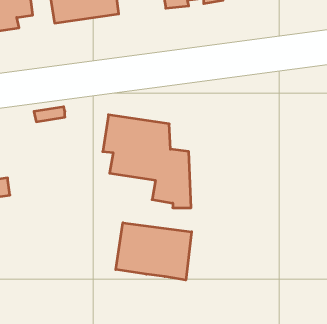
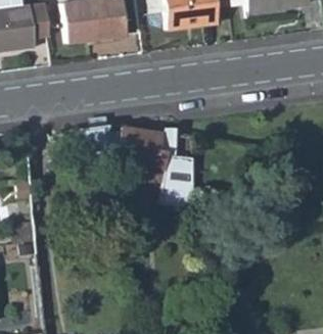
building: [116,223,192,280] -> none

